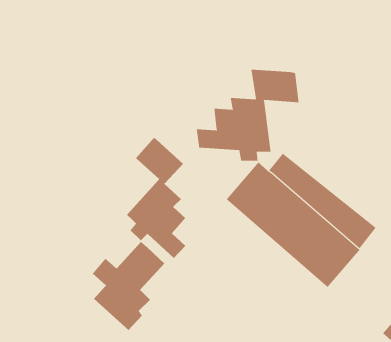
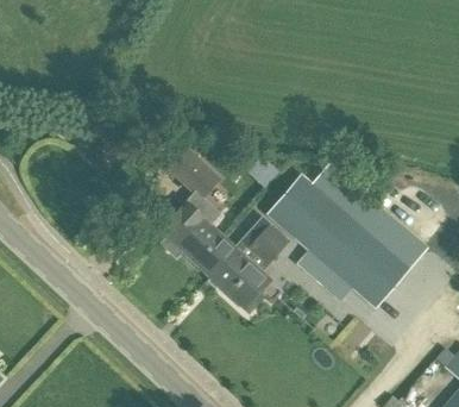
building: [196,69,299,162] -> none
building: [92,241,165,331] -> [209,217,288,313]

